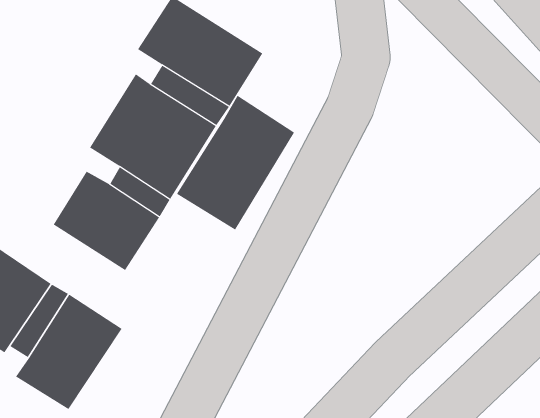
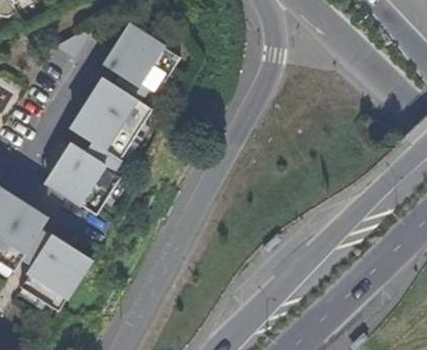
building: [176,95,295,231] -> none

